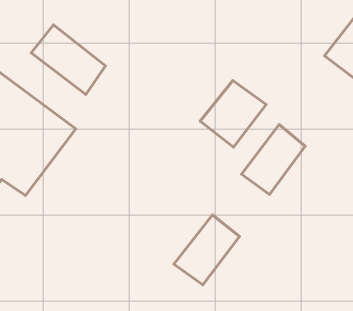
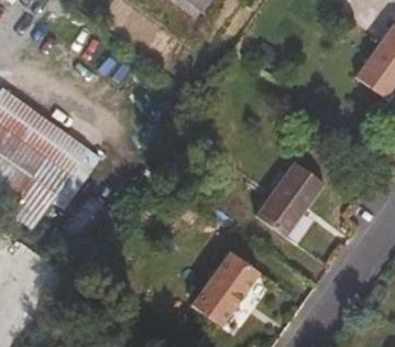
building: [31,25,105,94] -> none
building: [200,81,266,147] -> none

